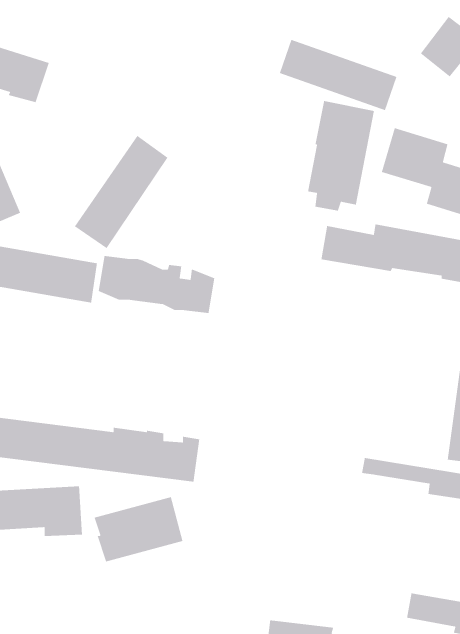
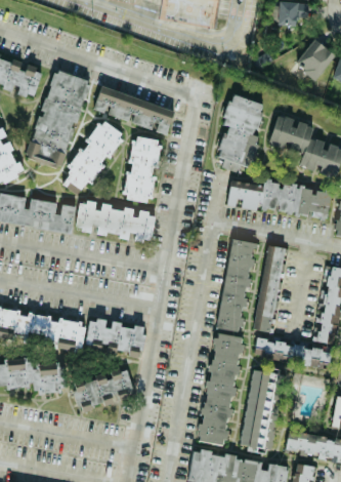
building: [279,39,398,111] -> [94,85,175,134]
building: none -> [26,70,90,169]
building: none -> [124,135,161,203]
building: none -> [219,239,254,331]
building: none -> [256,245,284,332]
building: none -> [200,332,242,445]
building: none -> [243,369,267,447]

